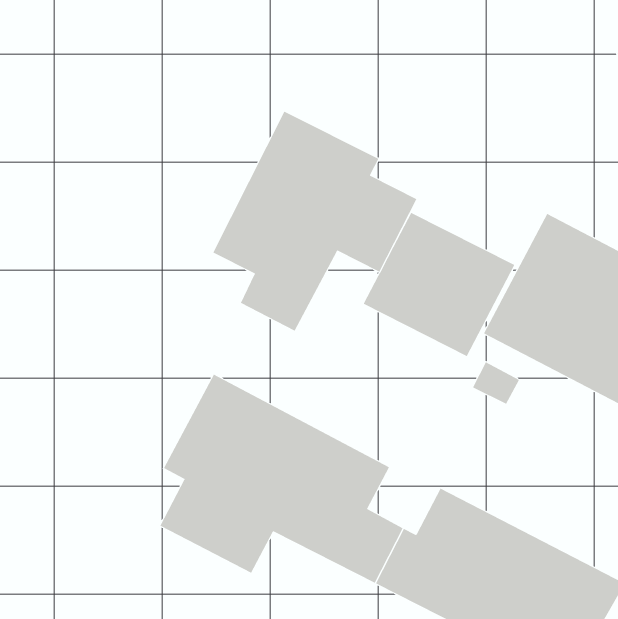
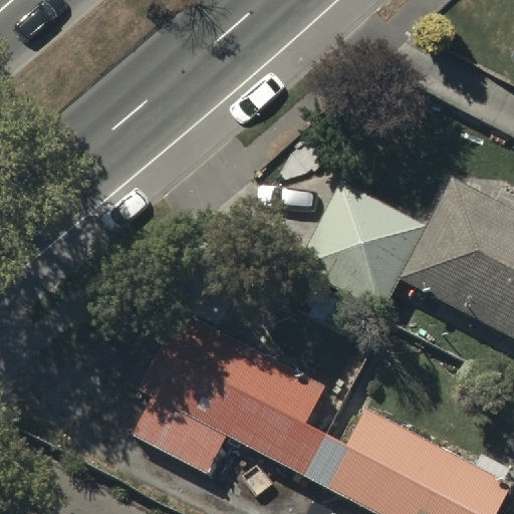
building: [212,111,417,332] -> none

